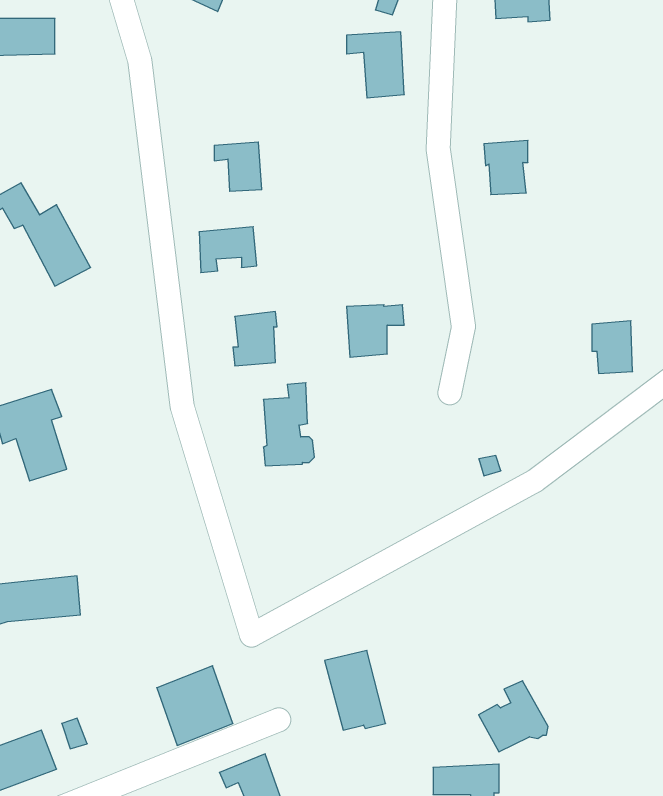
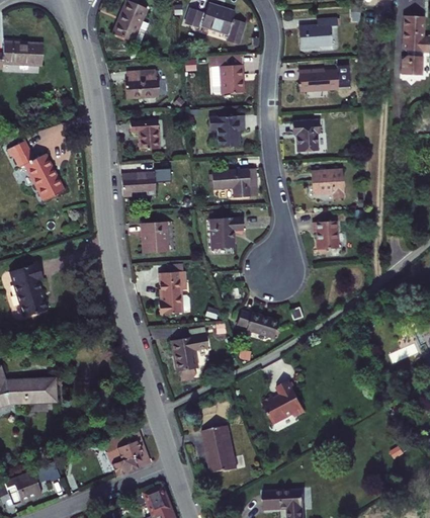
building: none -> [293,68,334,89]
building: none -> [126,69,160,96]
building: none -> [213,113,249,145]
building: none -> [213,169,259,196]
building: none -> [312,169,344,197]
building: [592,321,633,373] -> [314,220,338,251]
building: none -> [237,308,279,335]
building: none -> [174,334,211,380]
building: [479,681,548,752] -> [258,383,299,426]

